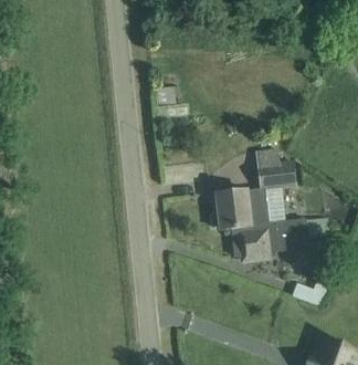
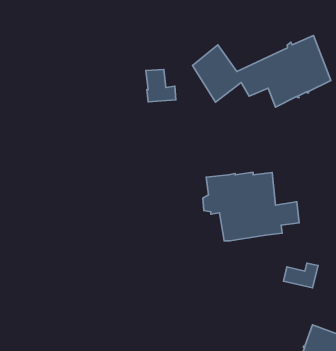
building: none -> [193,35,331,107]
building: [257,159,295,190] -> none

